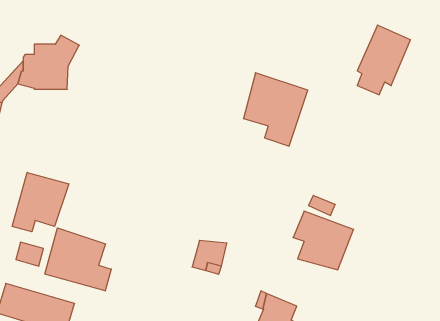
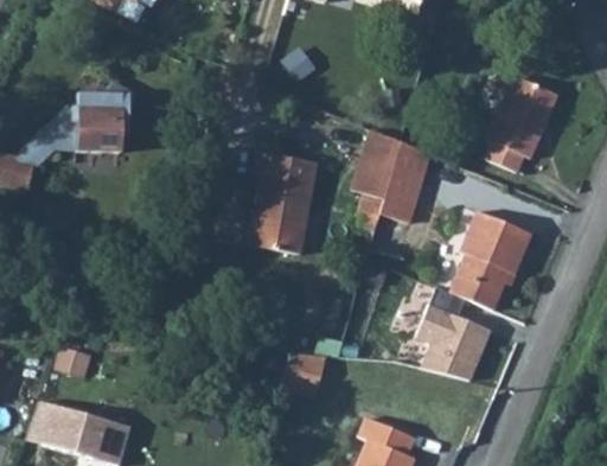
building: none -> [256,149,324,247]
building: none -> [454,204,536,304]
building: [12,172,69,232] -> none
building: [45,228,111,291] -> none

